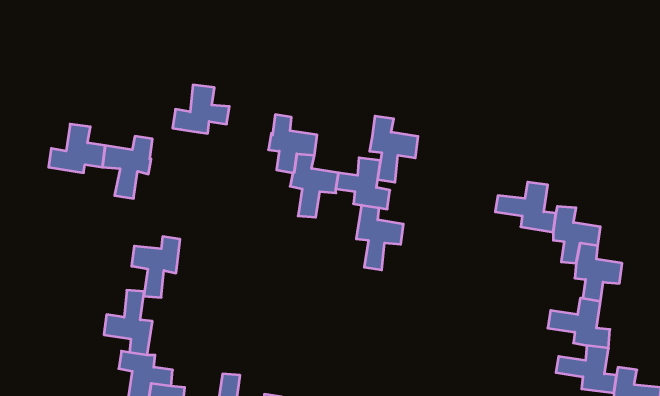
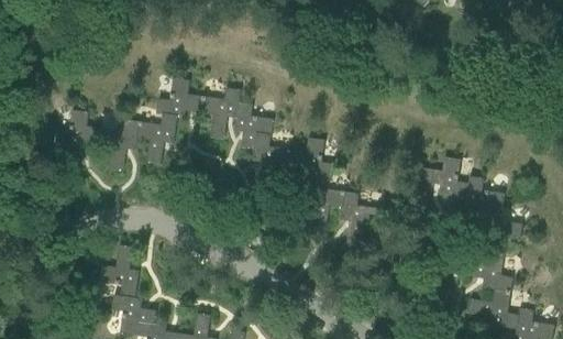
building: none -> [199,87,240,139]
building: [370,116,418,182] -> [339,190,378,244]
building: [132,237,180,297] -> [136,113,176,163]

